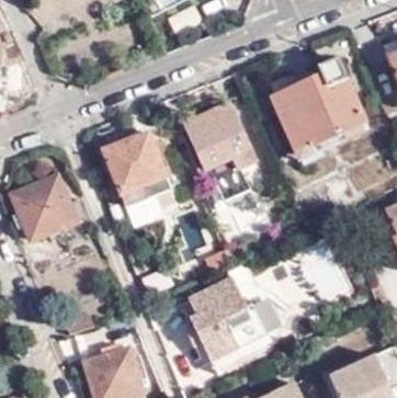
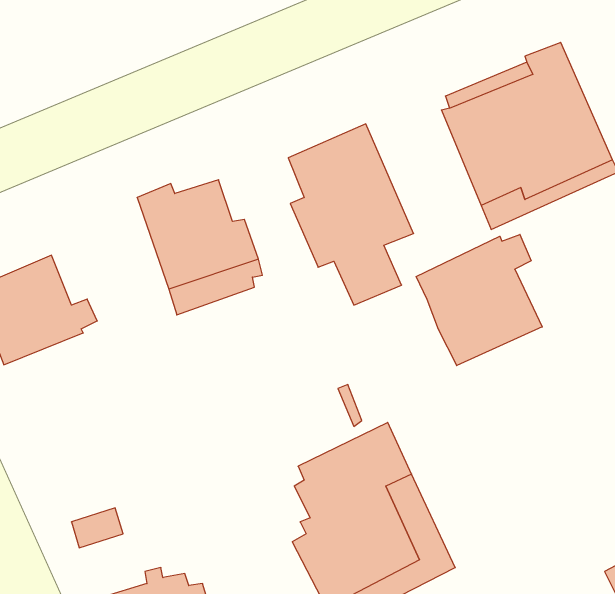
building: none -> [416,234,542,366]

